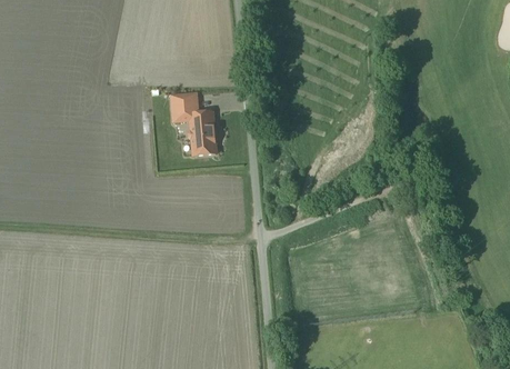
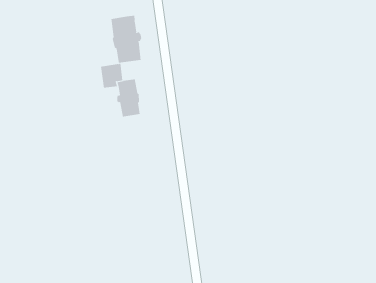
building: none -> [111,15,142,64]

